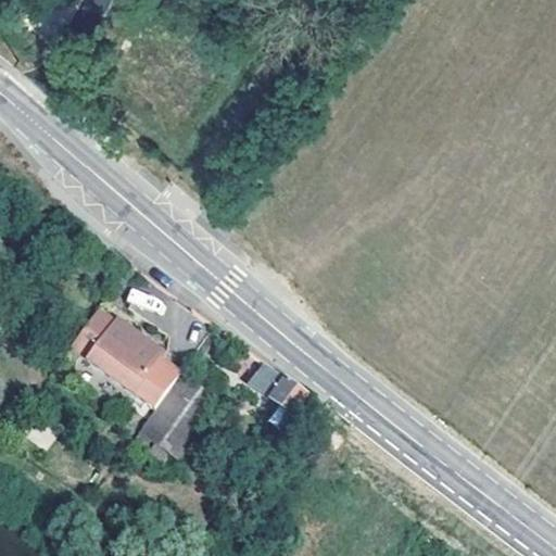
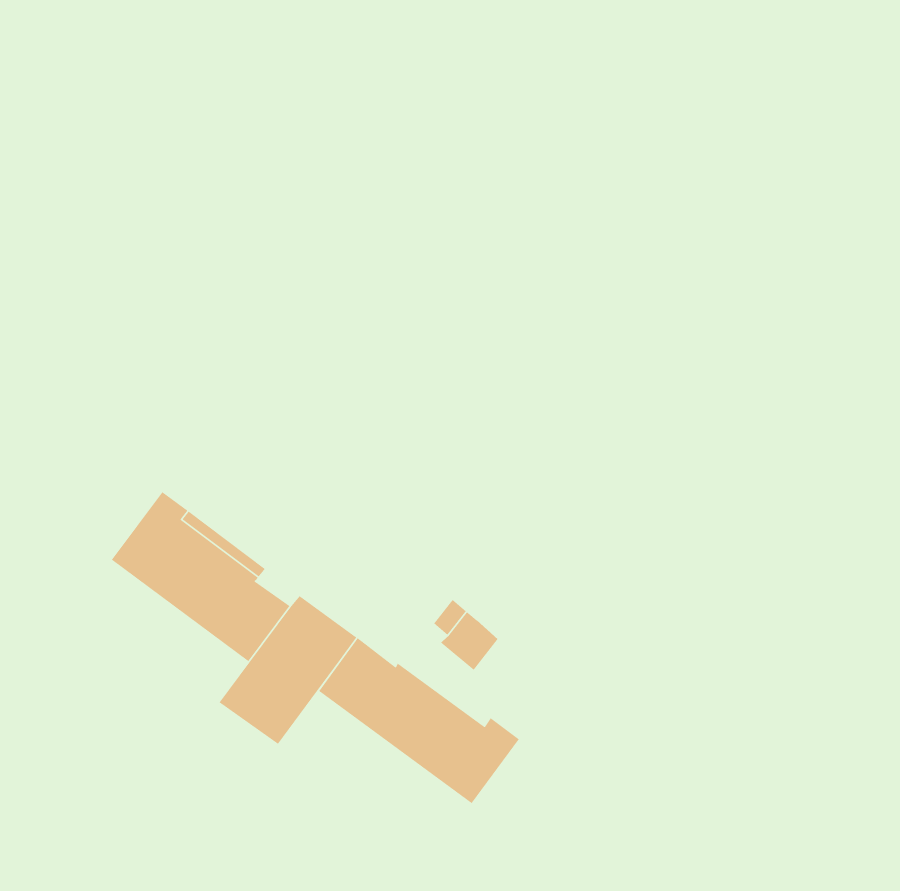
building: none -> [318,637,520,804]

